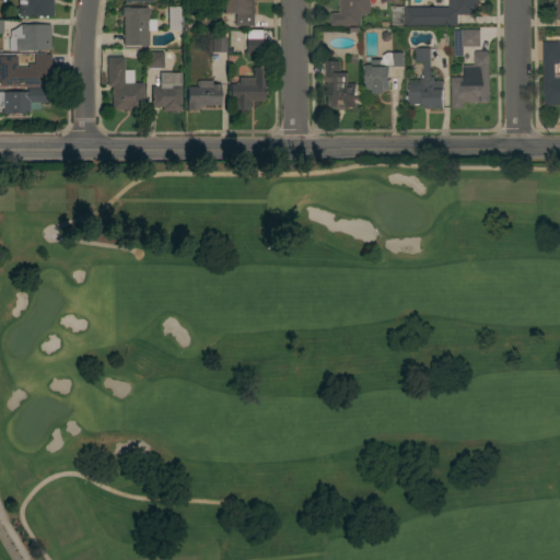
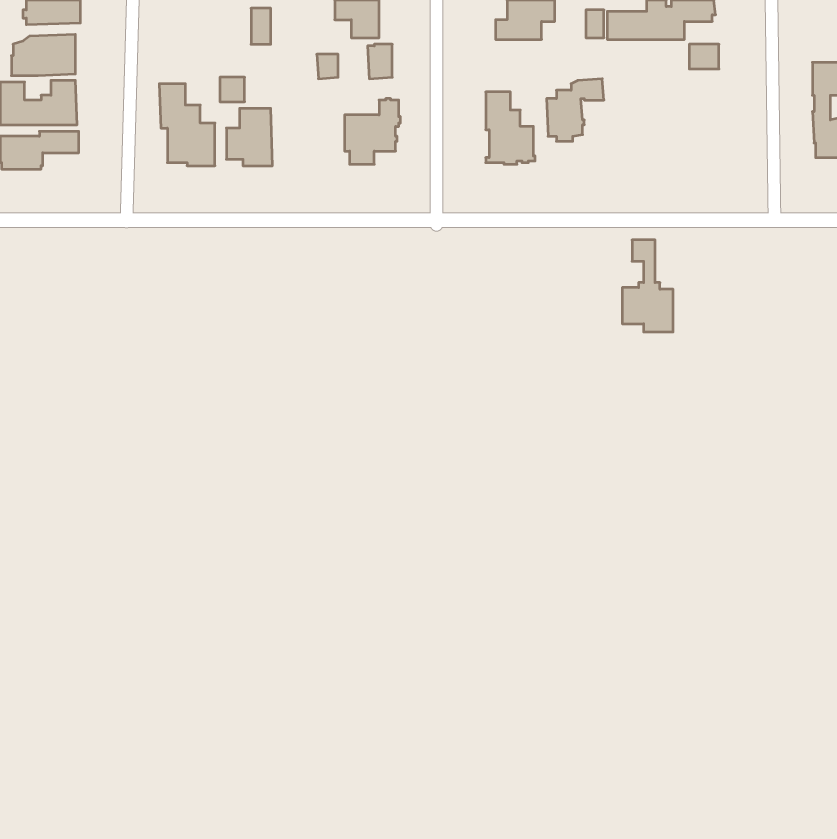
building: [122,7,156,45] -> none
building: [409,48,443,109] -> [622,240,673,332]
building: [452,51,492,108] -> none
building: [188,80,221,109] -> none

